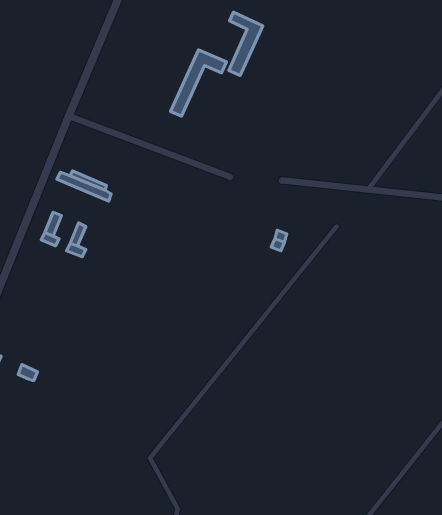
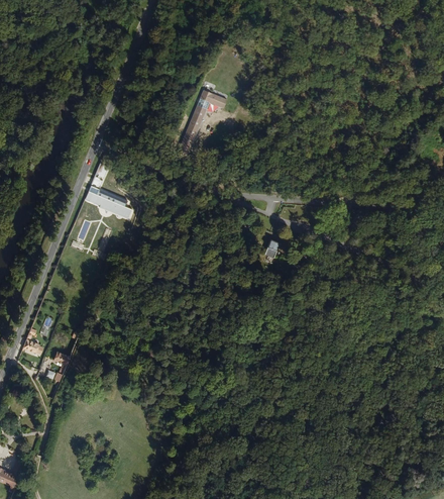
building: [229,12,263,76] -> none

